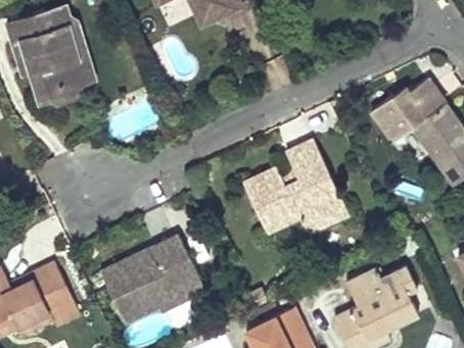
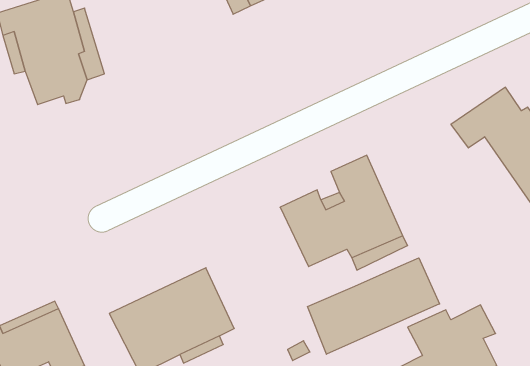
building: none -> [308,258,440,354]

